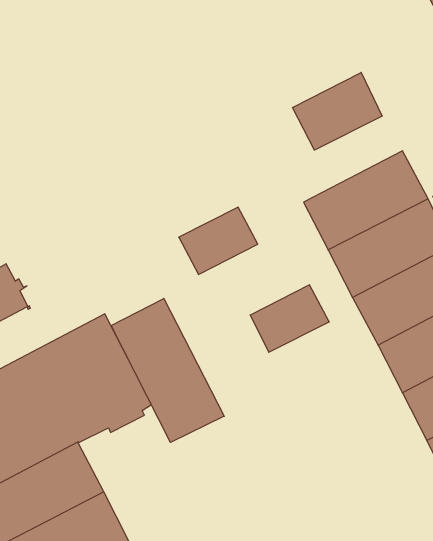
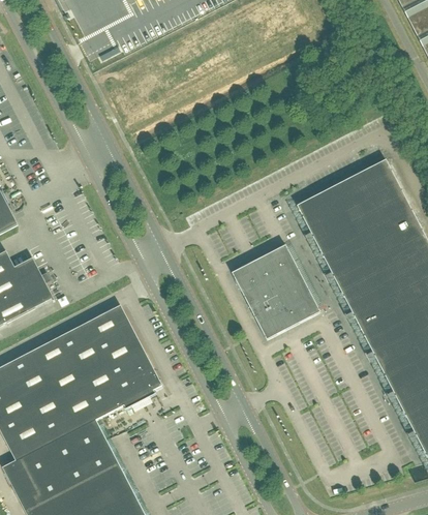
building: [293,72,382,150] -> none
building: [179,207,258,274] -> [233,244,303,304]
building: [111,298,224,442] -> none

